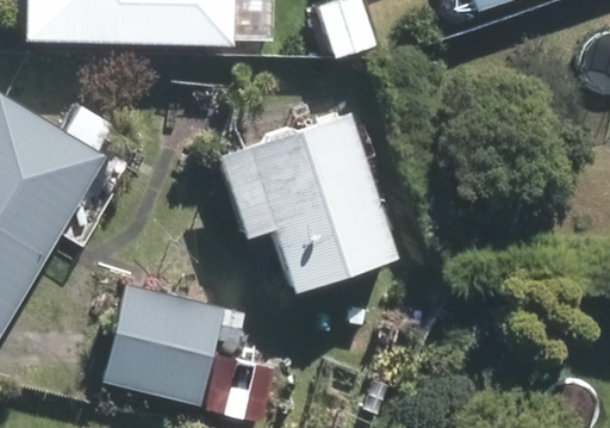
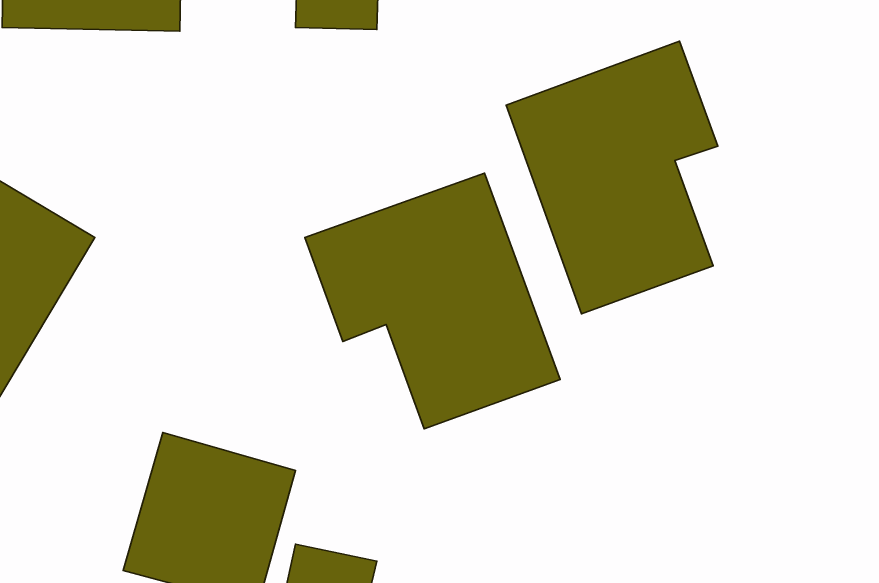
building: none -> [506,41,718,314]

